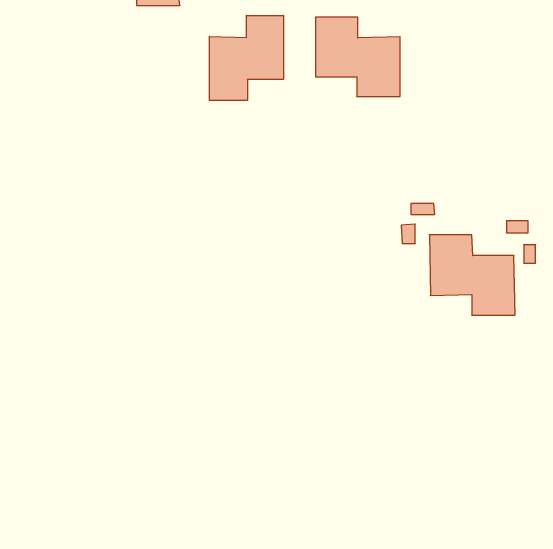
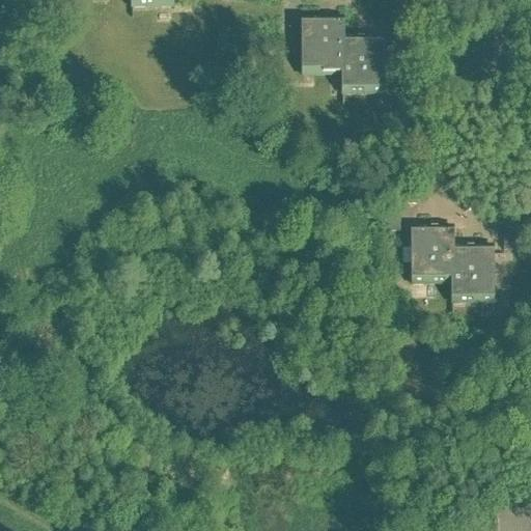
building: [209,15,283,100] -> none

